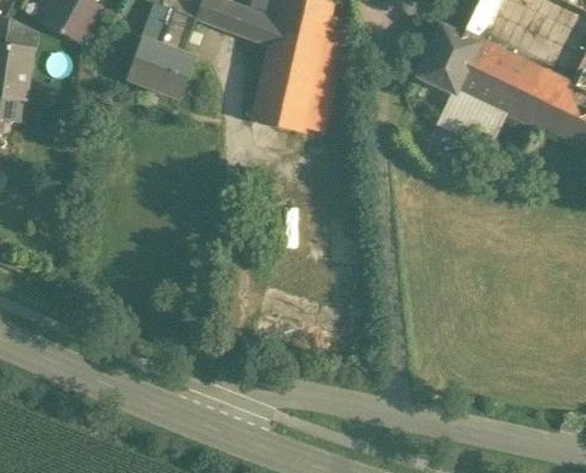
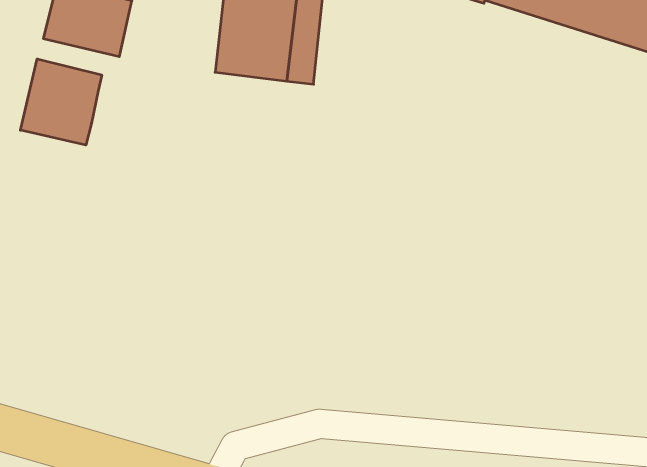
building: none -> [20,59,102,145]

